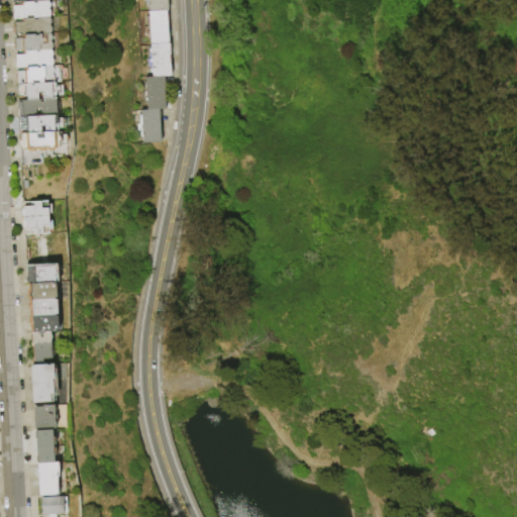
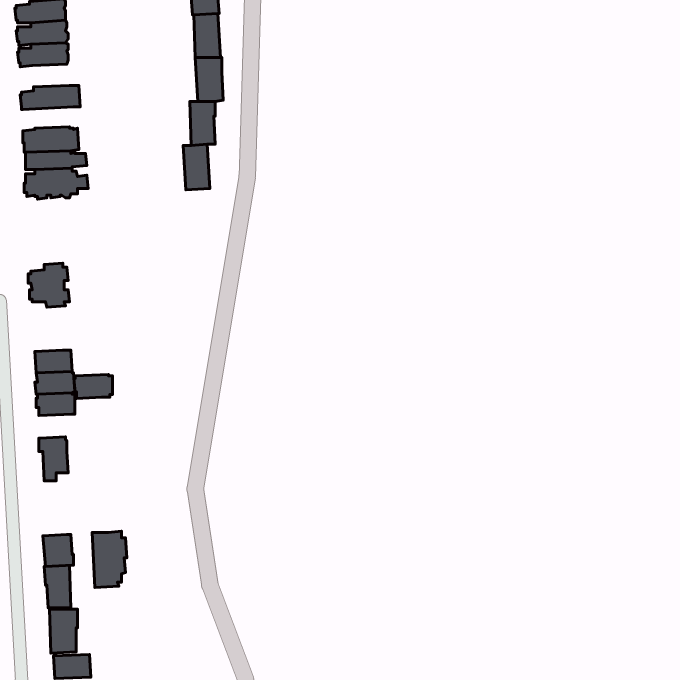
building: [16,48,55,67] -> none
building: [19,81,65,97] -> none
building: [30,313,60,331] -> [74,374,113,398]
building: [32,363,59,405] -> [92,531,127,587]

